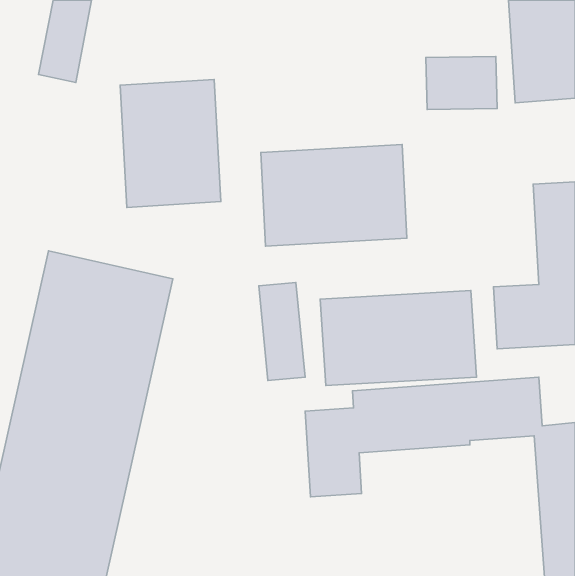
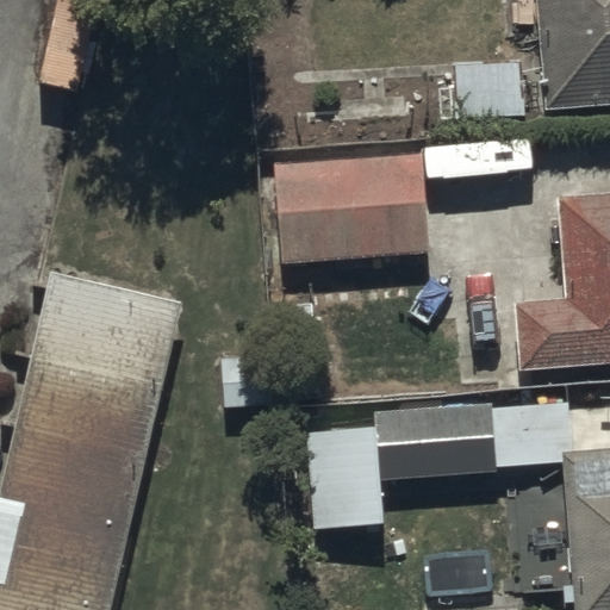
building: [120,79,221,208] -> none
building: [320,291,477,385] -> none

